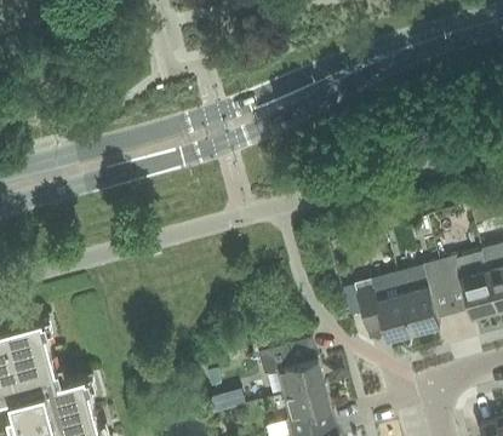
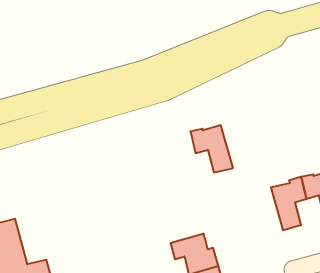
building: [354,275,413,340] -> [190,125,233,172]

